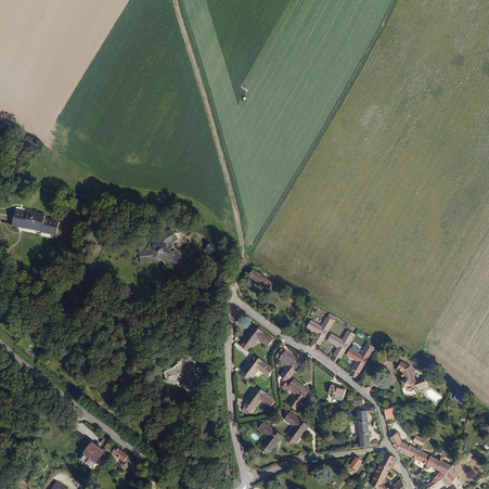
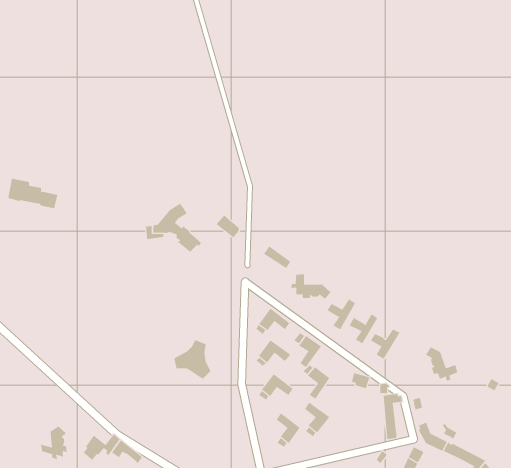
building: none -> [291,273,331,300]
building: none -> [40,426,67,460]

